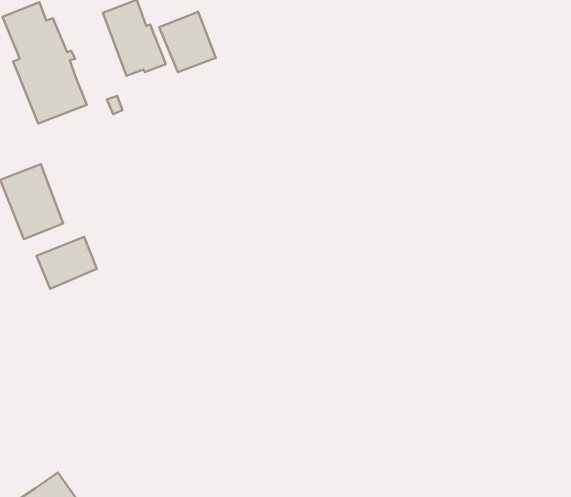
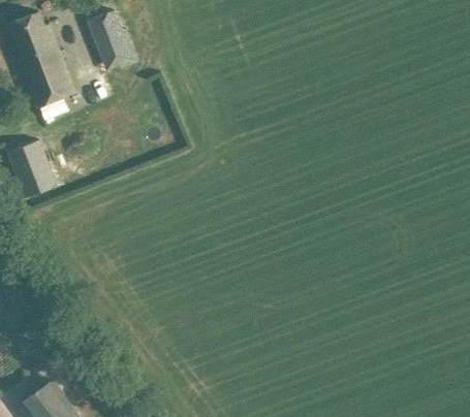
building: [159,12,216,72] -> none
building: [37,237,97,289] -> none

